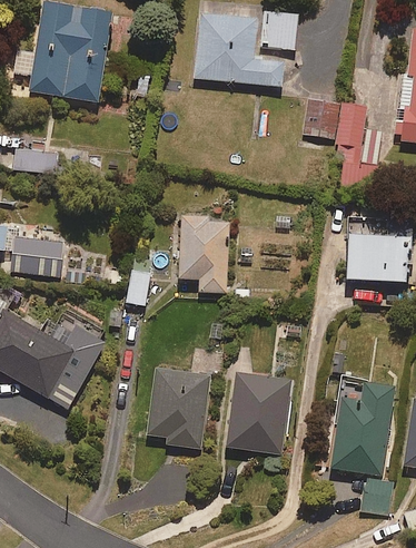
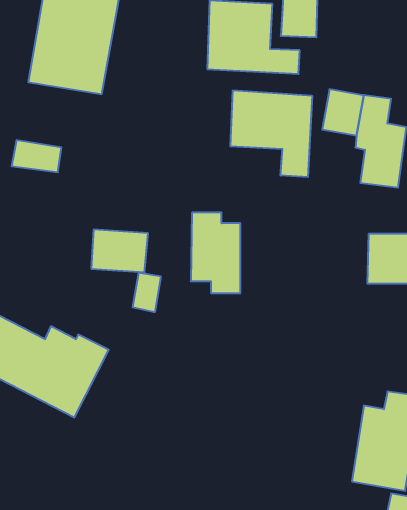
building: none -> [230,90,312,177]
building: [11,237,65,277] -> [91,230,148,272]
building: [149,368,209,449] -> none
building: [224,372,293,454] -> none

